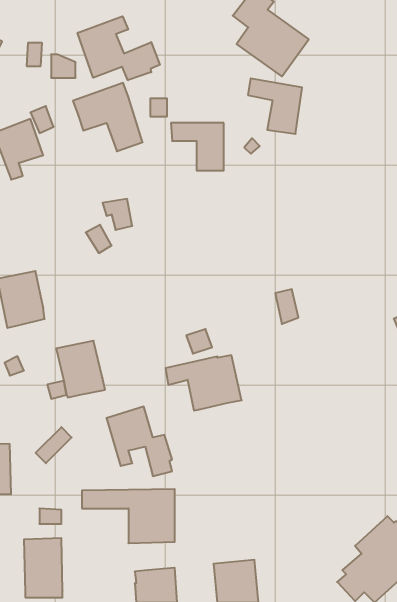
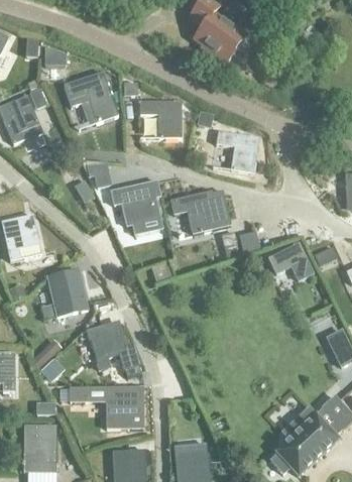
building: [78,16,160,80] -> none
building: [248,78,302,134] -> [216,130,258,173]
building: none -> [112,180,159,225]
building: none -> [267,240,307,272]
building: [166,355,242,411] -> [170,190,230,233]

